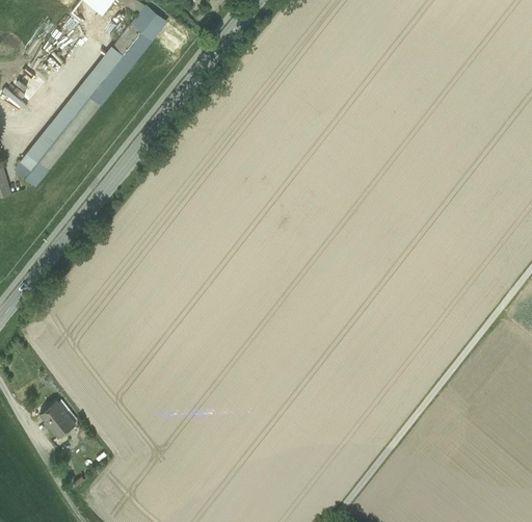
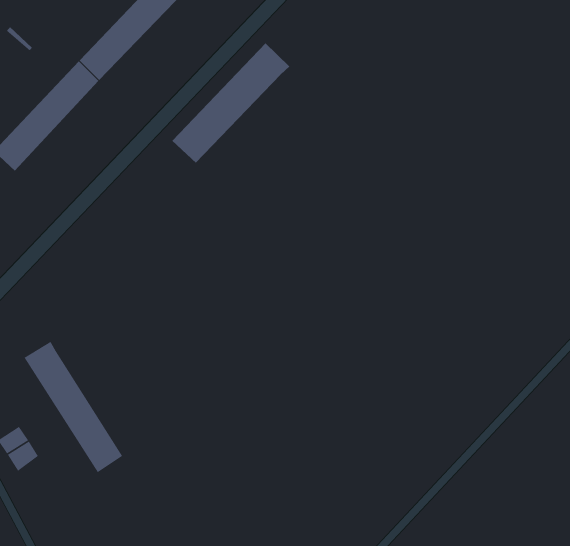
building: none -> [172,43,290,163]
building: none -> [24,341,123,473]

